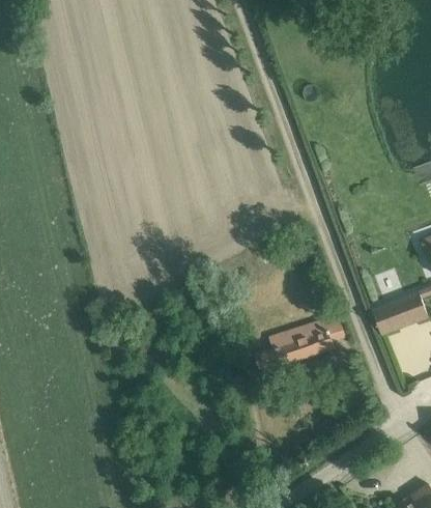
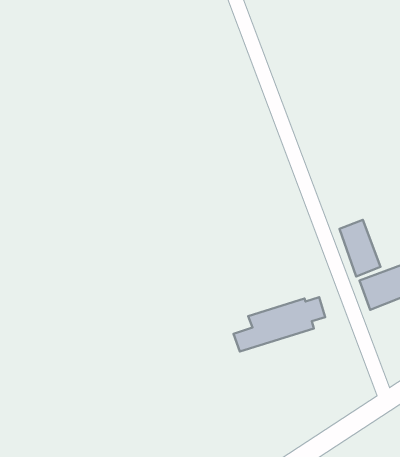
building: none -> [339,220,380,276]

